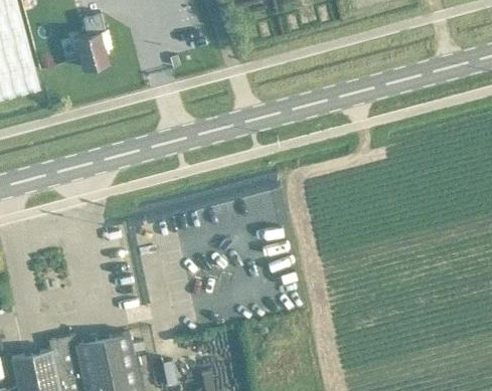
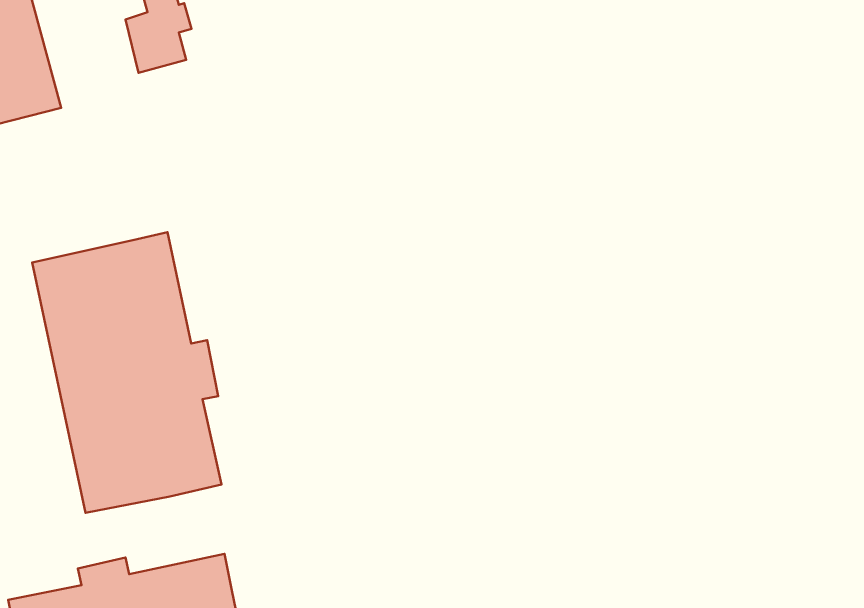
building: none -> [32,232,222,513]

